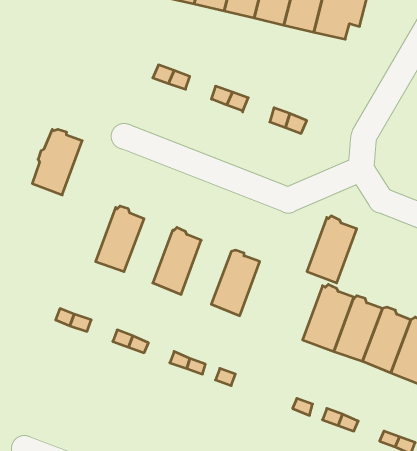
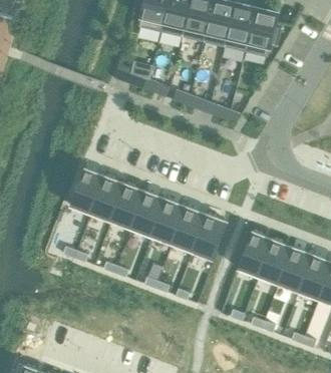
building: [32,129,82,195] -> [70,167,105,214]
building: [307,216,357,283] -> [193,213,228,260]
building: none -> [111,182,145,229]
building: none -> [151,198,187,244]

